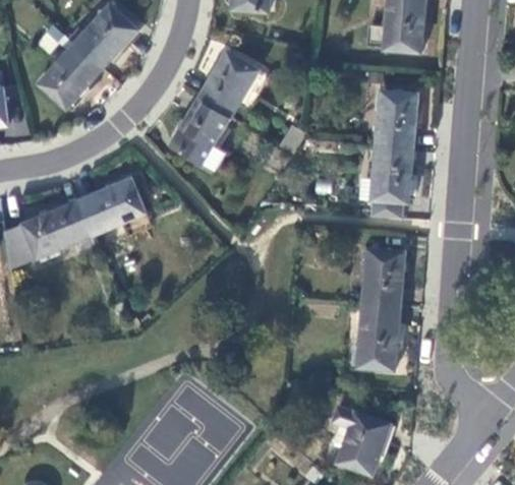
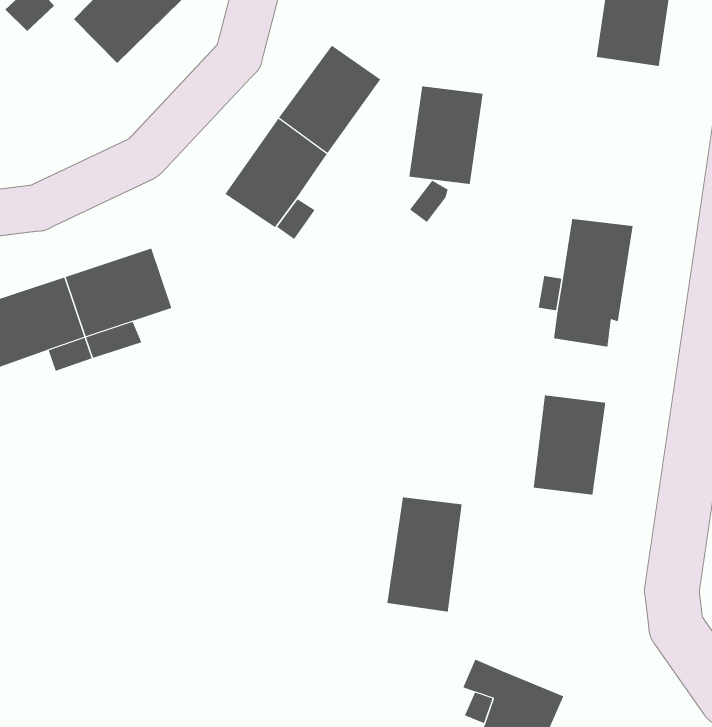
building: [40,45,103,109] -> none
building: [376,88,416,144] -> [409,86,483,184]
building: [358,302,399,368] -> [387,497,462,612]

